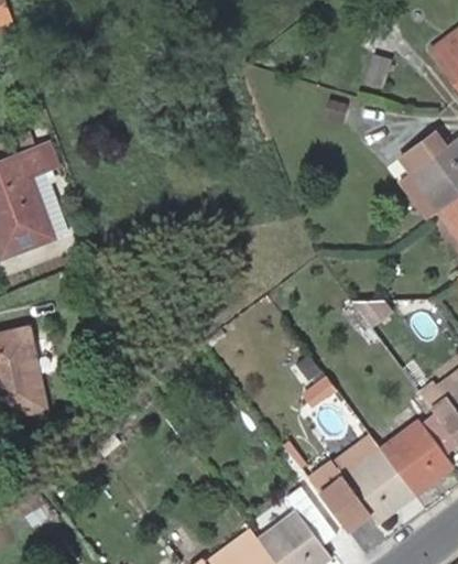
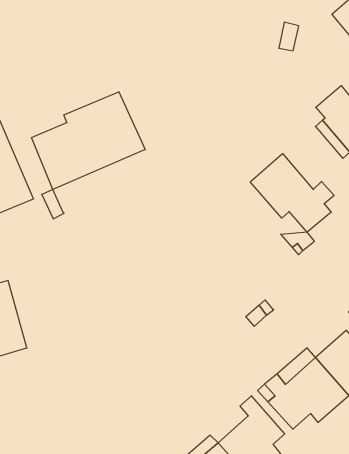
building: none -> [31,92,145,190]
building: none -> [250,154,334,232]

